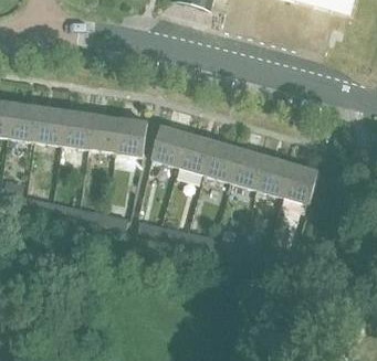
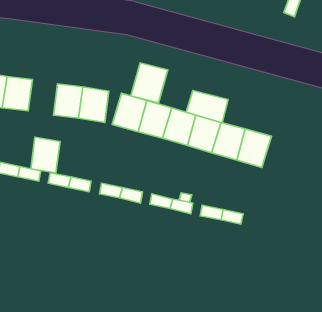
building: none -> [131,63,168,103]
building: [62,110,93,148] -> [31,137,60,173]
building: none -> [186,90,228,123]

